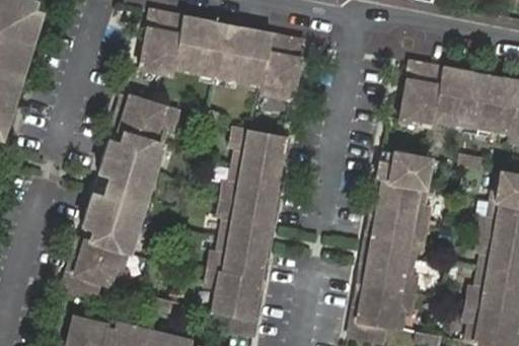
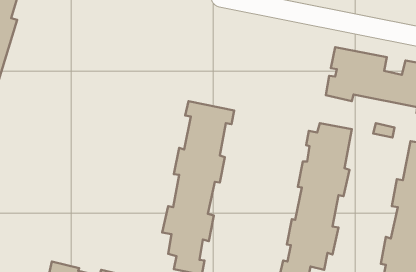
building: [142,8,305,96] -> none
building: [63,95,178,299] -> none

